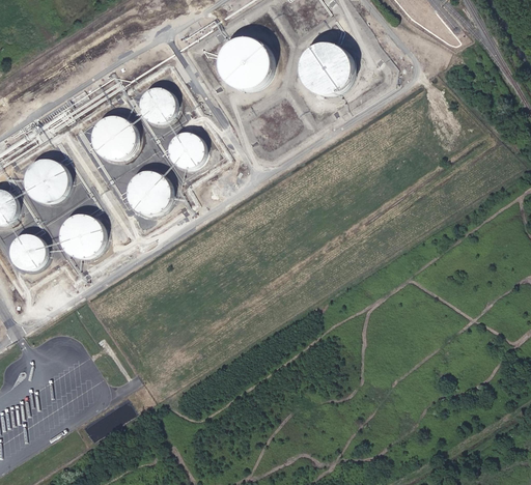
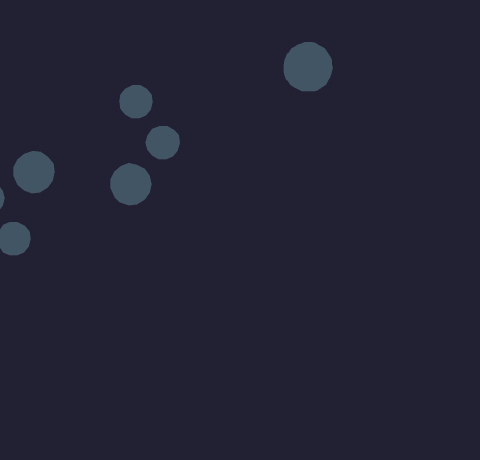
building: [216,38,270,91] -> none
building: [89,115,135,162] -> none
building: [61,209,106,255] -> none

